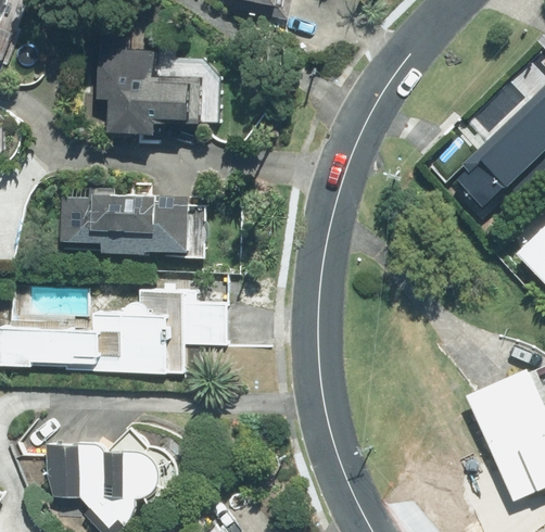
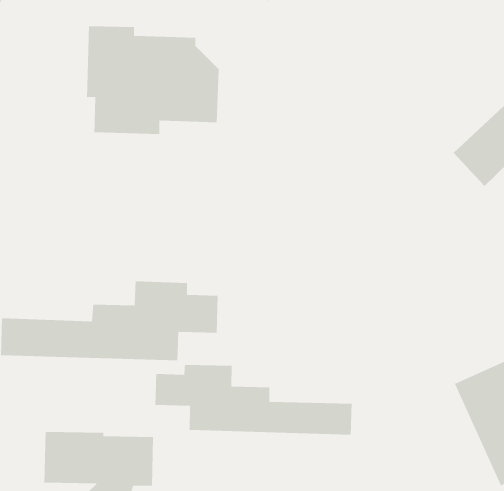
building: [60,190,205,259] -> none
building: none -> [154,364,352,435]

